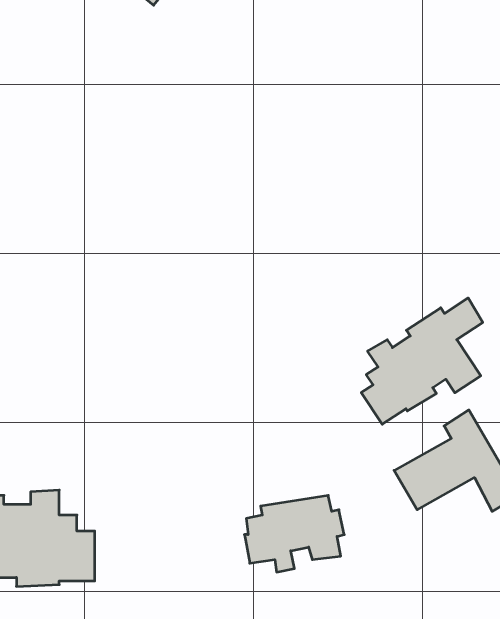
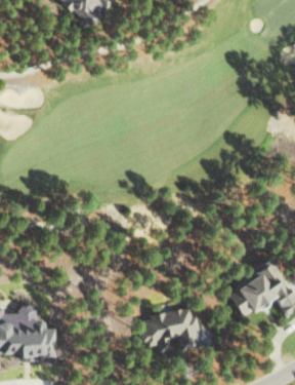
building: [361,298,483,424] -> none

